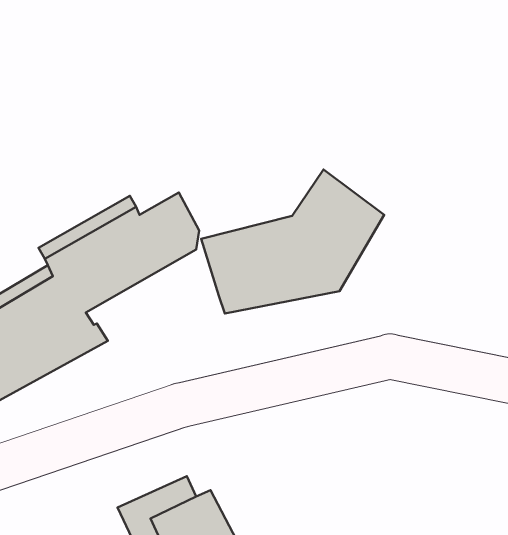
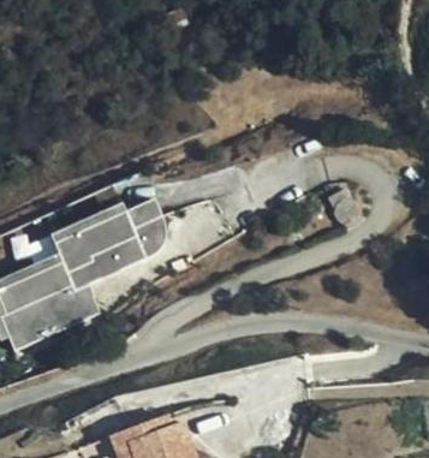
building: [201,169,384,313] -> none

